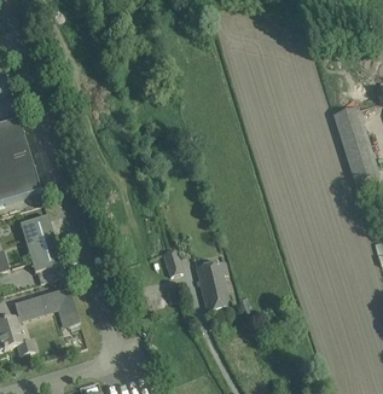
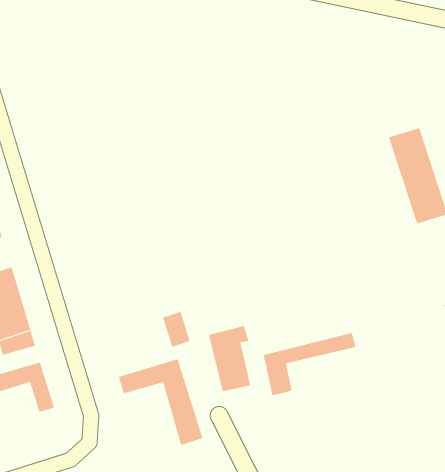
building: none -> [263,332,356,396]
building: none -> [118,359,203,446]

